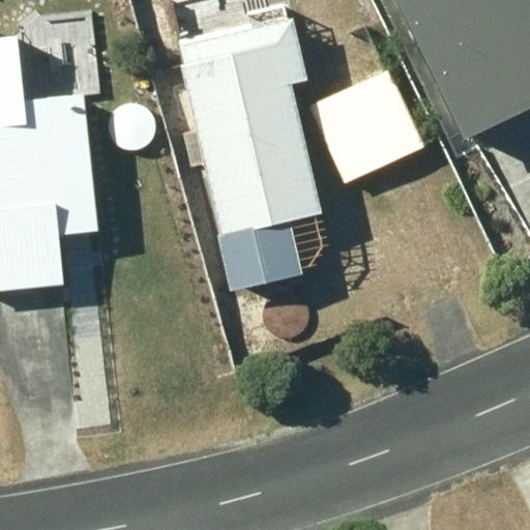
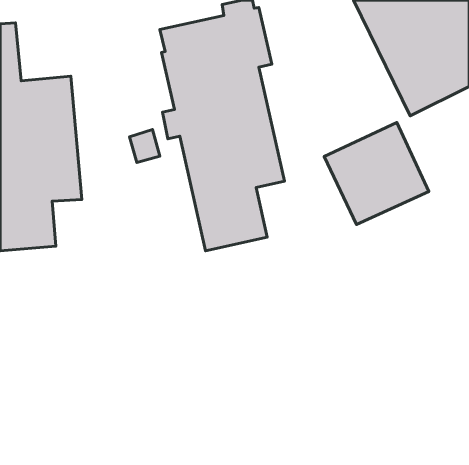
building: [308,67,426,182] -> [324,122,429,225]

